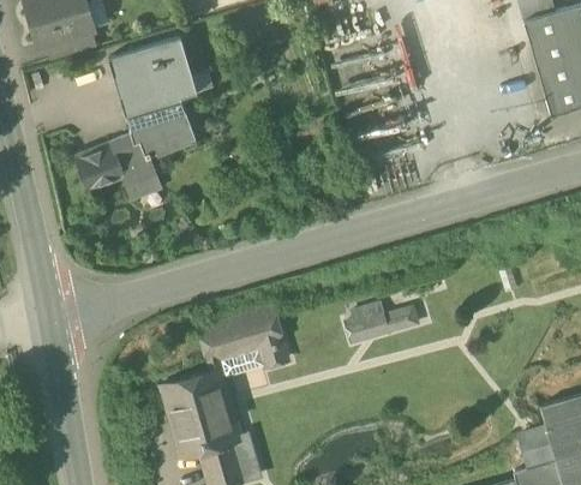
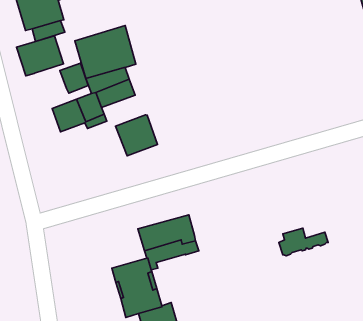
building: none -> [17,36,63,76]
building: none -> [60,63,88,93]
building: none -> [115,115,157,156]
building: [346,303,417,342] -> [279,228,328,256]

